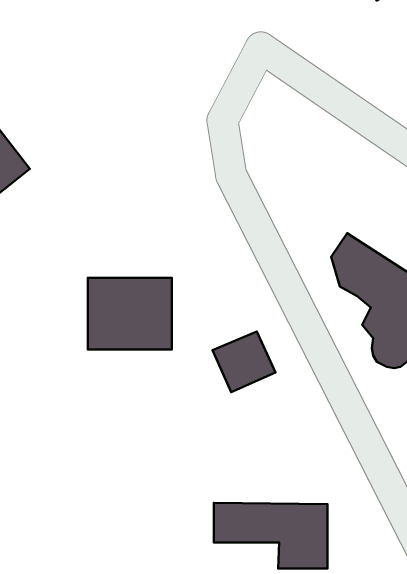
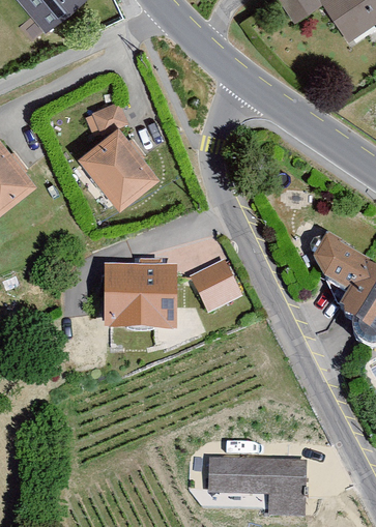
building: none -> [73,95,155,207]
building: [212,332,275,392] -> [189,263,241,314]

